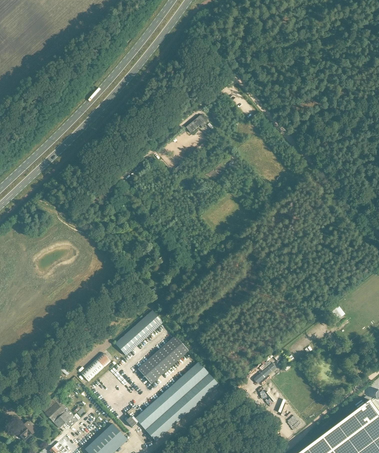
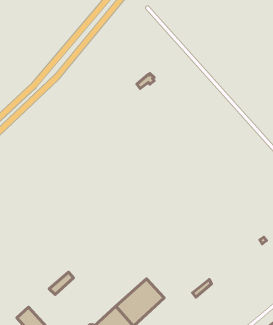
building: [115,310,163,355] -> none
building: [138,335,189,383] -> none

